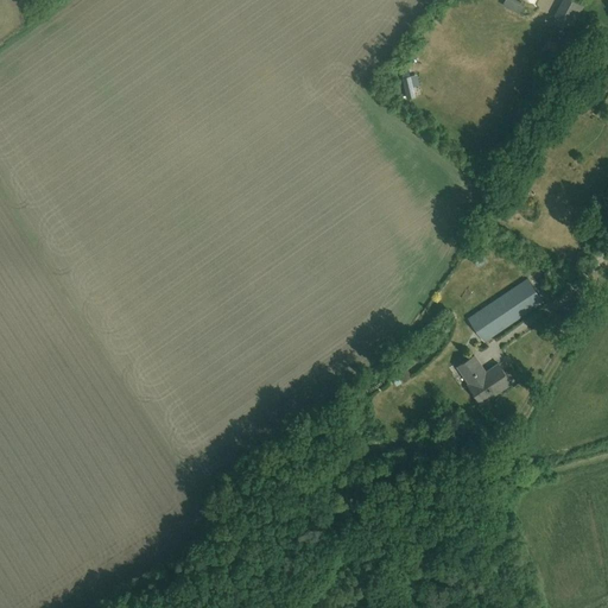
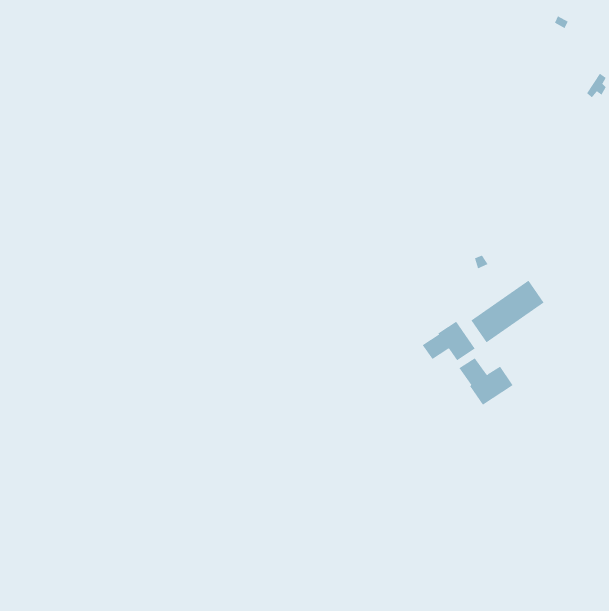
building: none -> [422,321,476,361]

